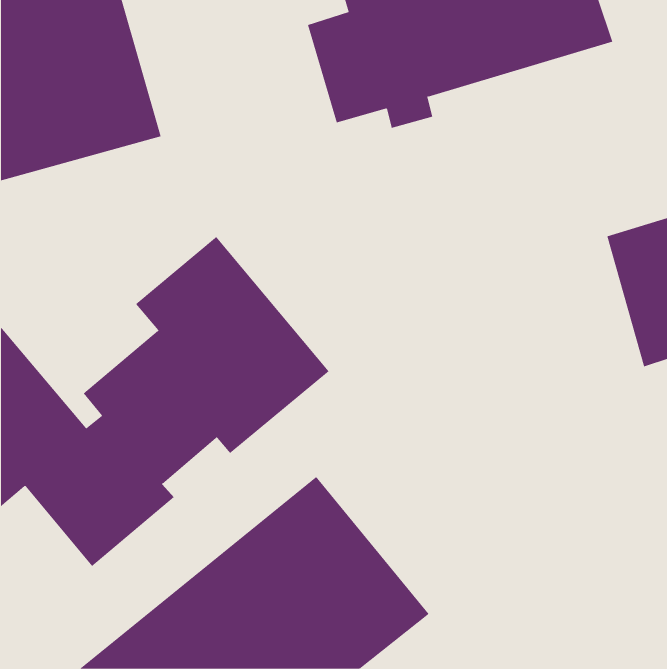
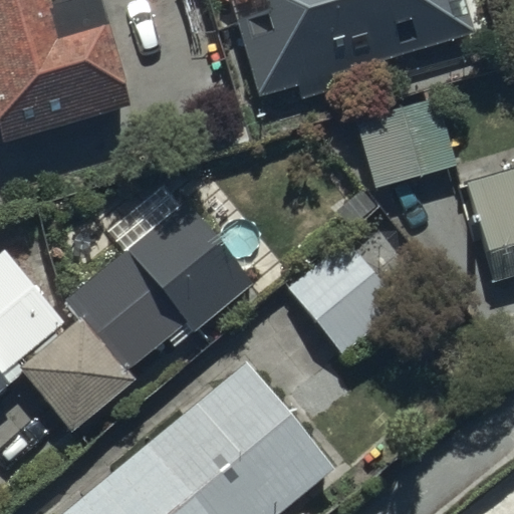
building: none -> [354,92,449,191]
building: none -> [287,239,403,357]

